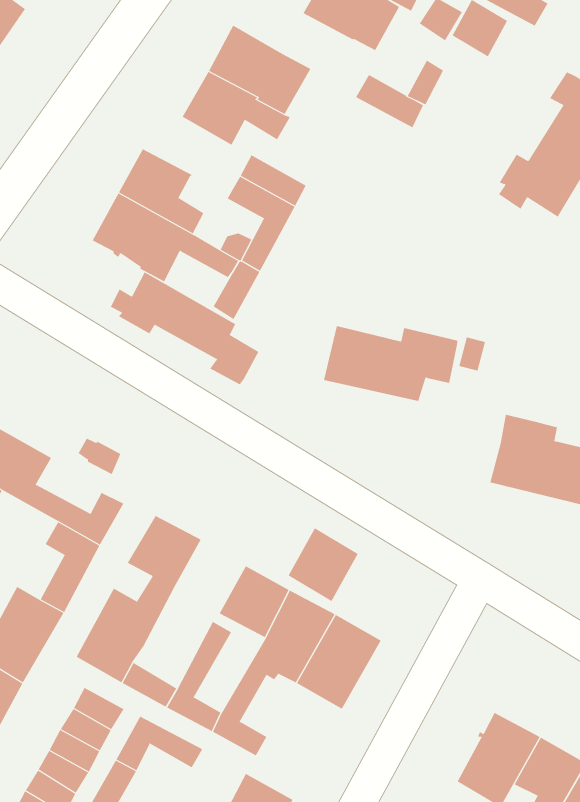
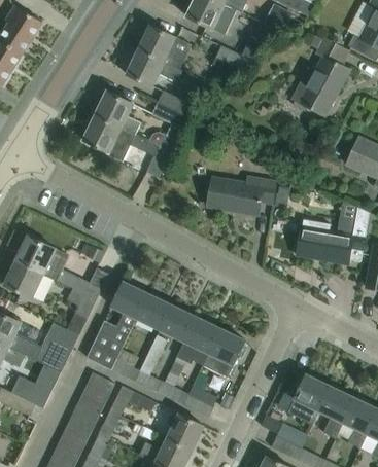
building: [110,271,259,385] -> none
building: [288,528,358,602] -> [135,293,171,331]
building: none -> [182,386,215,417]

